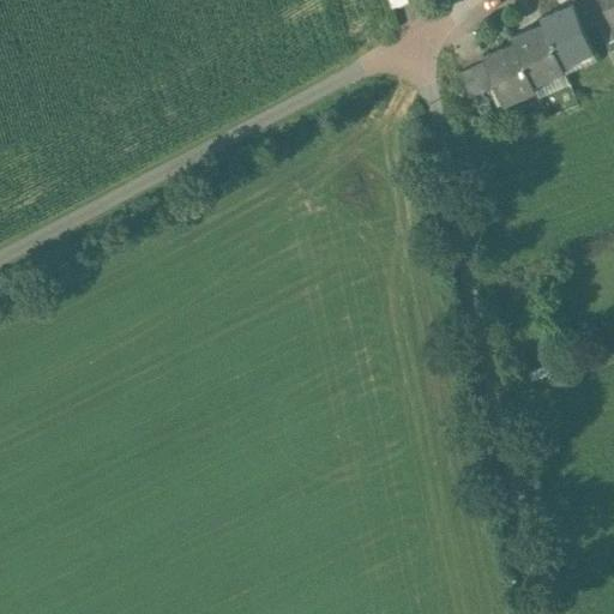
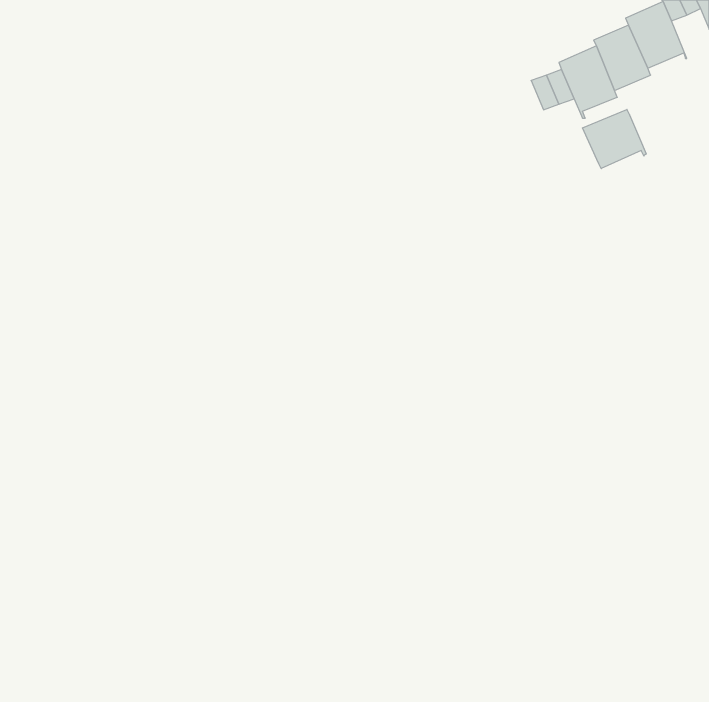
building: none -> [582,109,646,169]

